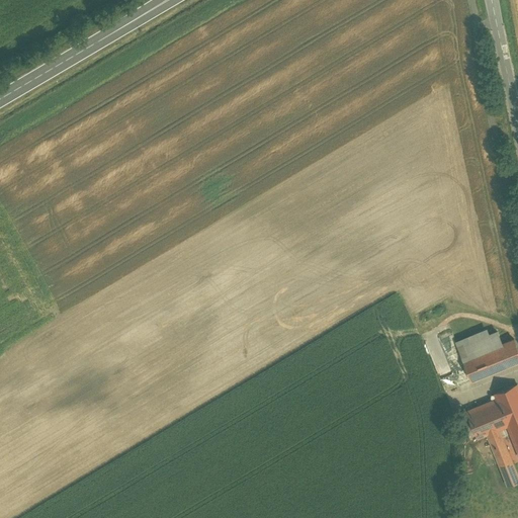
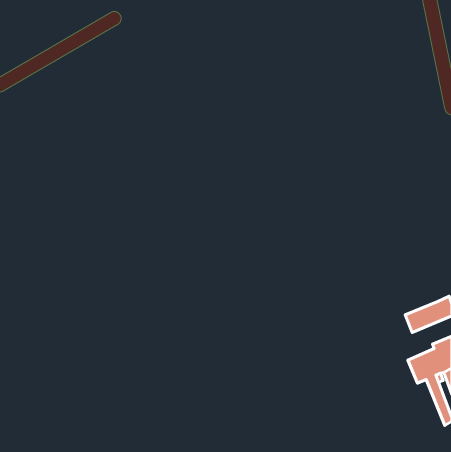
building: [456,330,502,360] -> none

